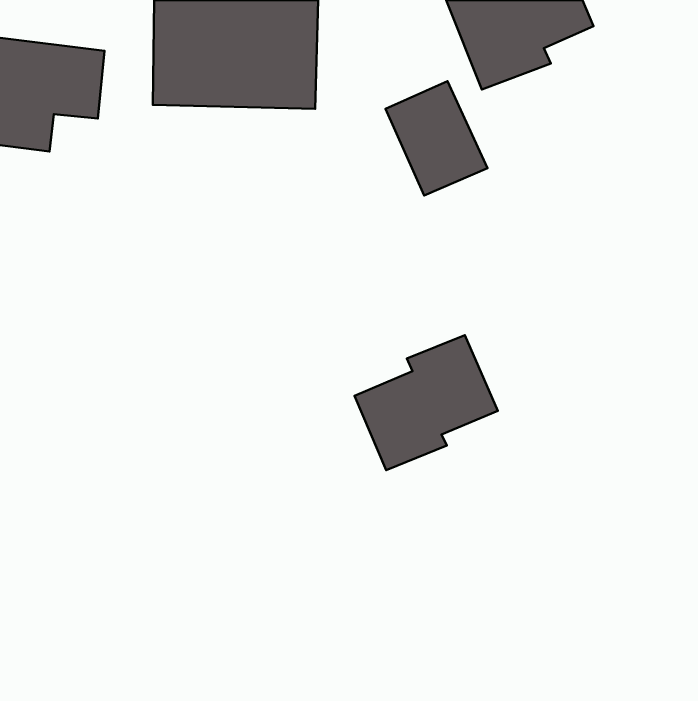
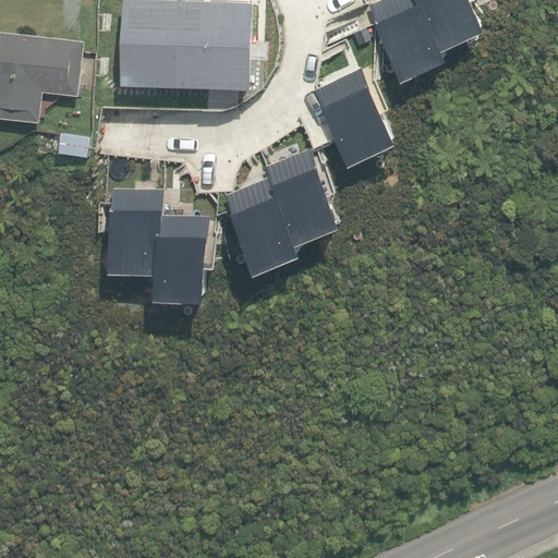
building: none -> [106,189,208,301]
building: [355,335,498,470] -> [230,166,343,272]

